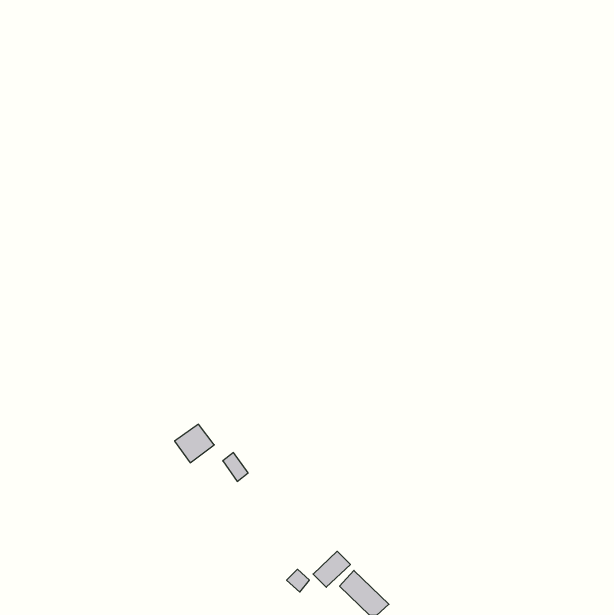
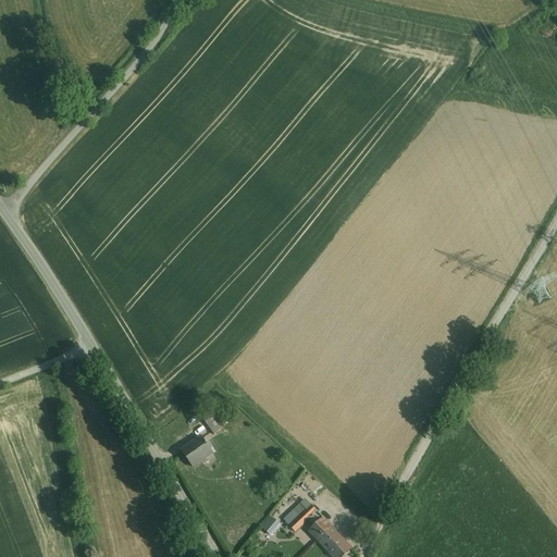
building: [175,424,214,463] -> [178,433,214,468]

